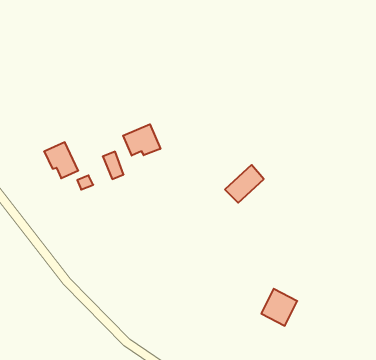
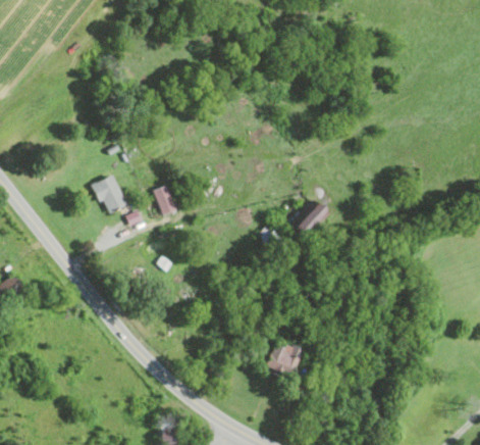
building: [123,124,160,156] -> none
building: [261,289,297,326] -> [264,338,303,378]

